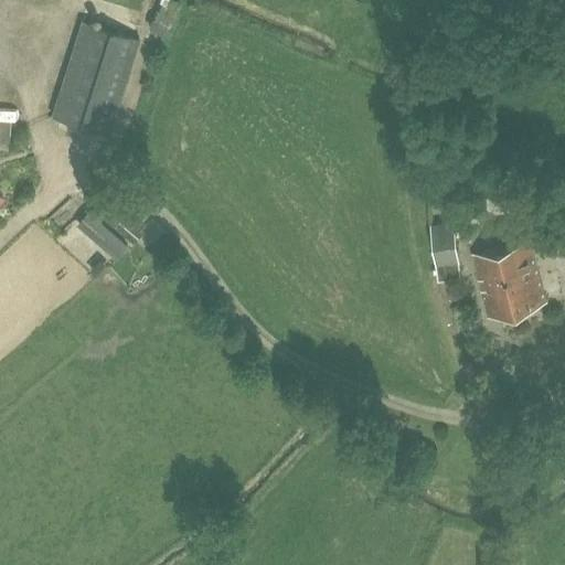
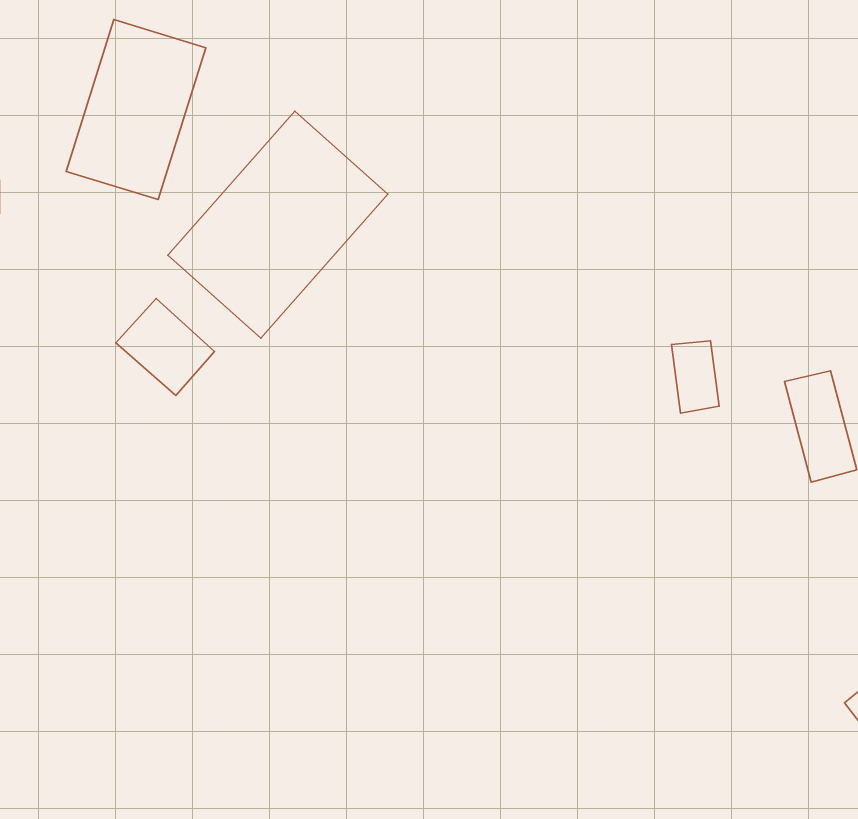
building: none -> [168,111,388,338]
building: [472,253,516,322] -> none

